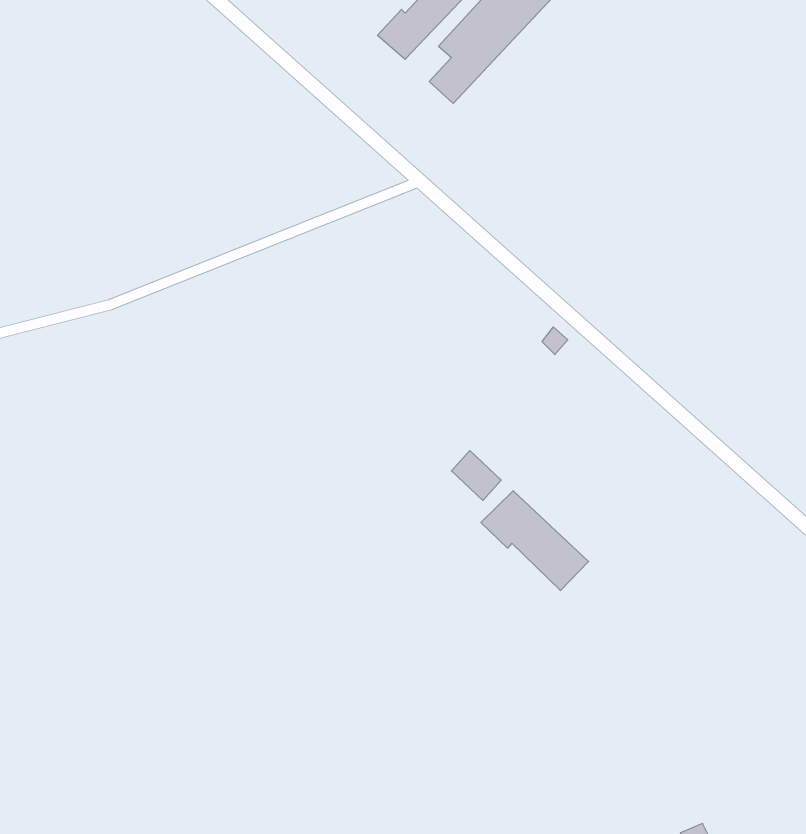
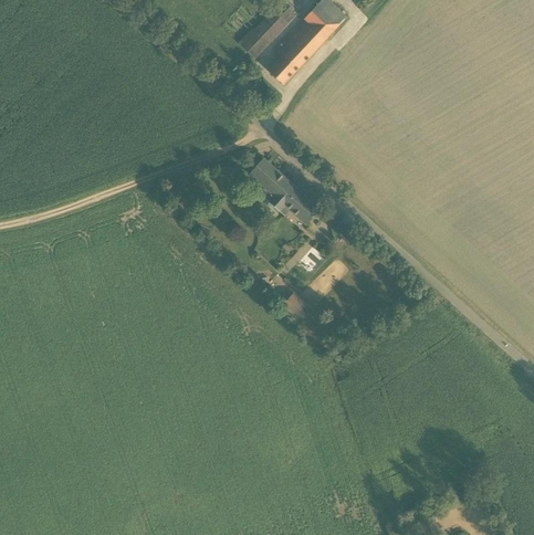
building: none -> [249,157,321,224]
building: [481,491,589,591] -> none

